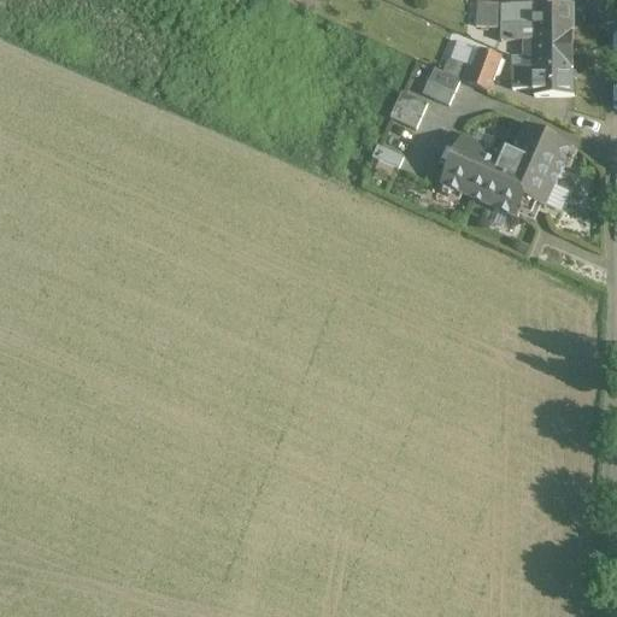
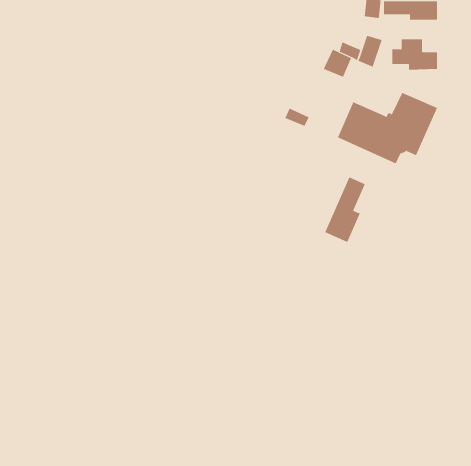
building: [500,19,571,67] -> none
building: [389,88,427,125] -> none
building: none -> [325,177,366,243]

